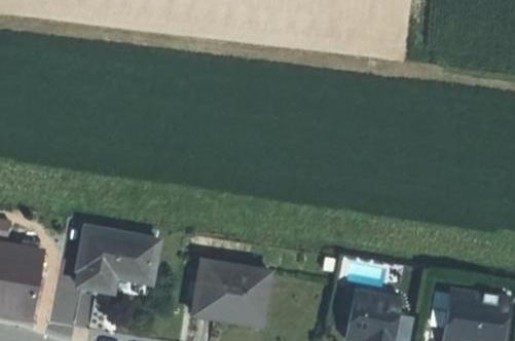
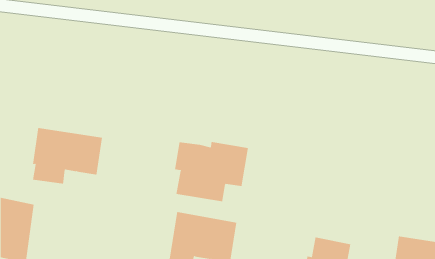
building: none -> [174,141,248,202]
building: [77,227,157,292] -> [32,128,103,184]

